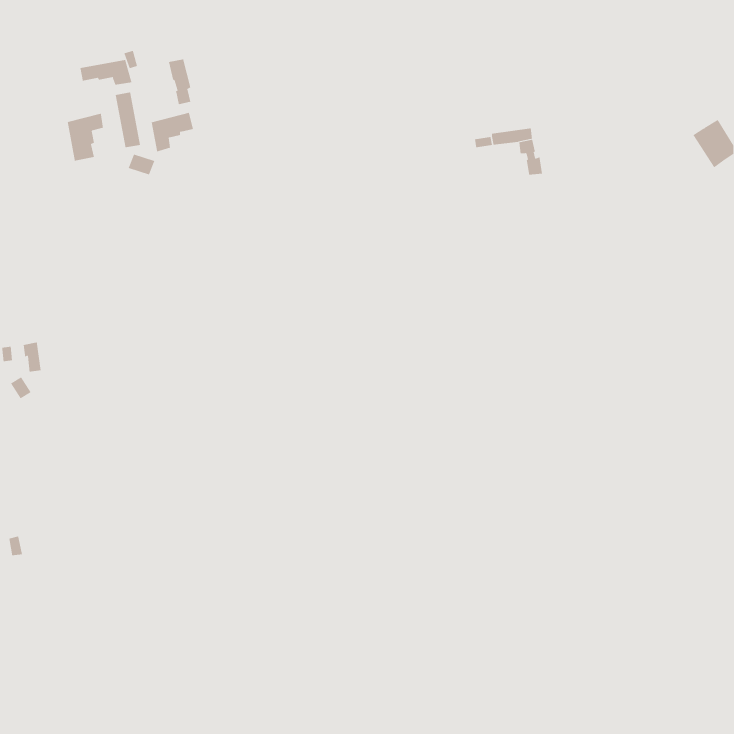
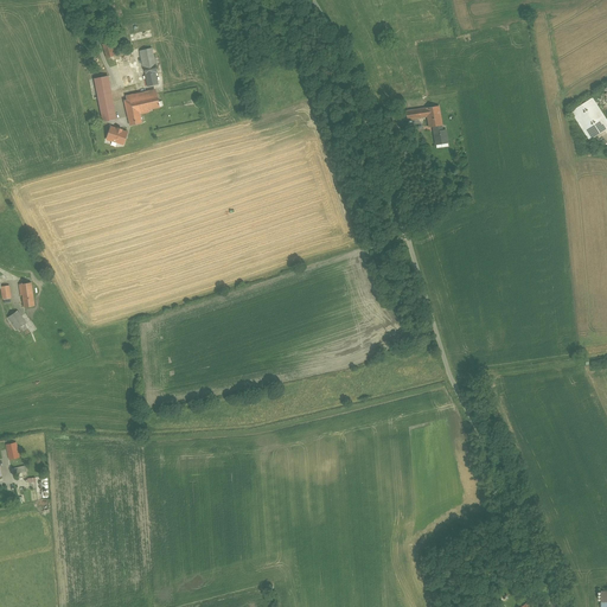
building: [80,59,132,85] -> none
building: [67,113,103,161] -> none

